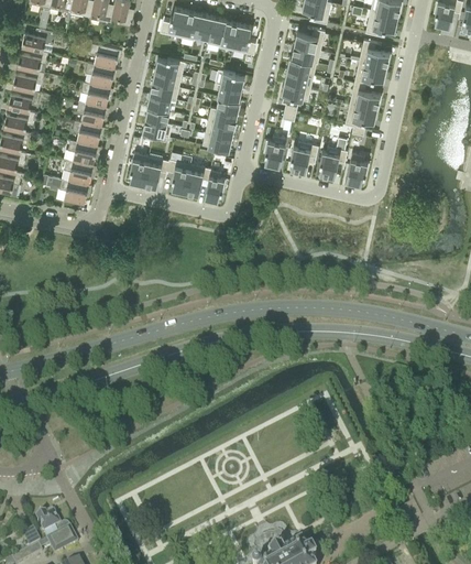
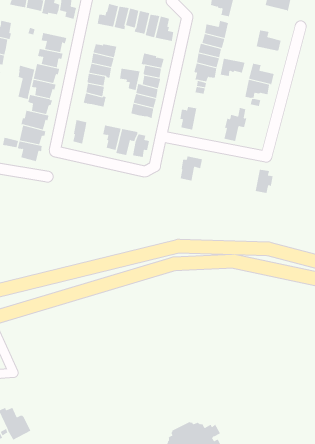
building: [365,10,397,36] -> none
building: [354,62,386,85] -> [220,58,245,77]
building: none -> [18,65,35,100]
building: none -> [119,68,140,91]
building: [289,142,318,174] -> [180,156,203,181]
building: [346,154,369,185] -> [255,169,273,194]
building: [141,160,168,188] -> none

